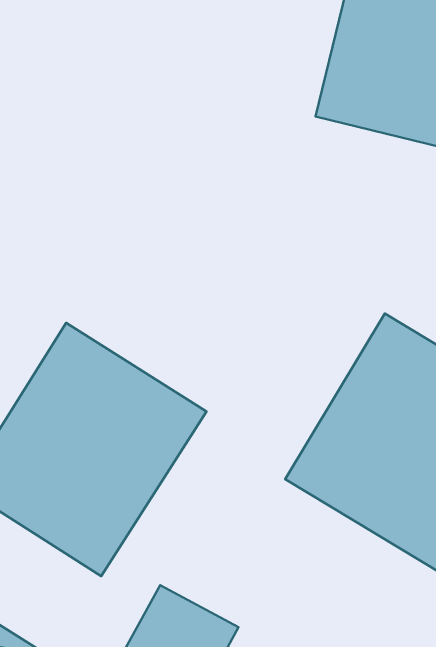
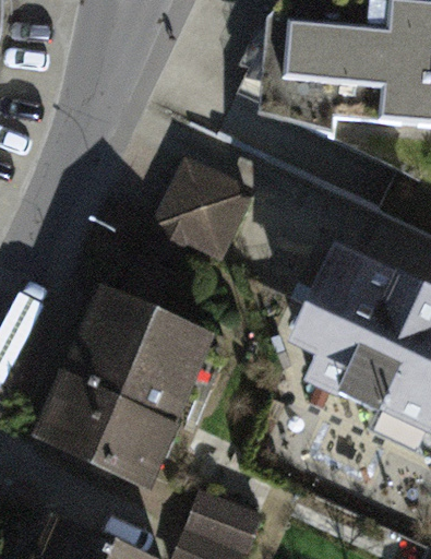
building: none -> [151,151,268,265]

